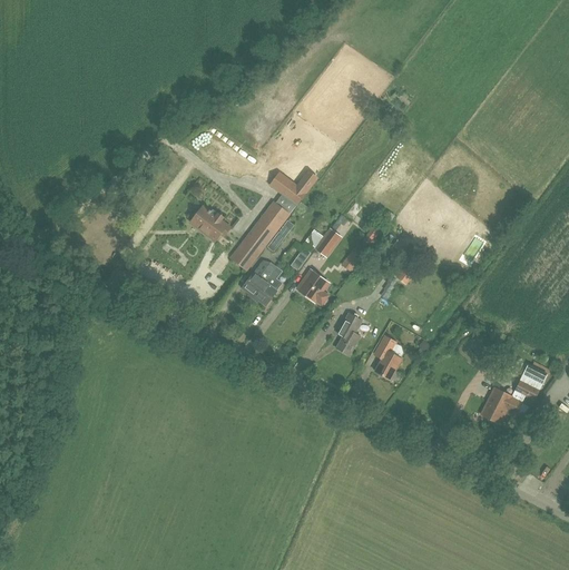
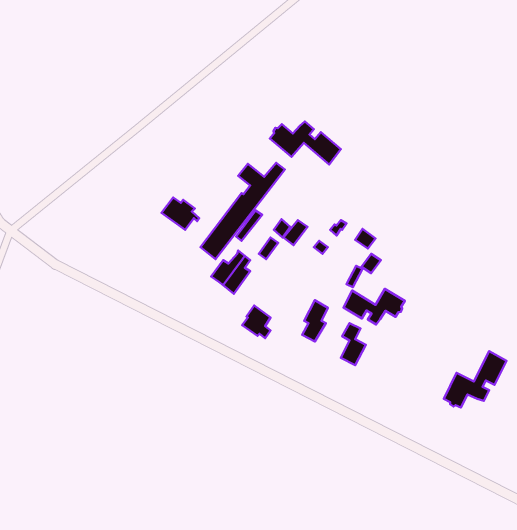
building: none -> [270,122,341,164]
building: [297,269,326,303] -> [242,306,270,338]
building: none -> [343,289,405,324]

